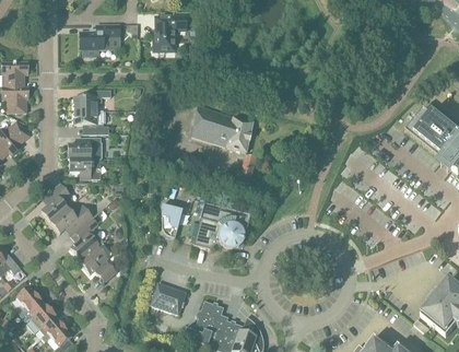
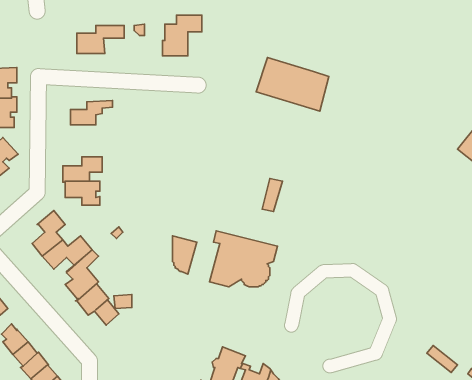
building: [189,106,251,152] -> [256,57,329,111]
building: [74,109,109,133] -> none
building: [150,282,186,314] -> none

